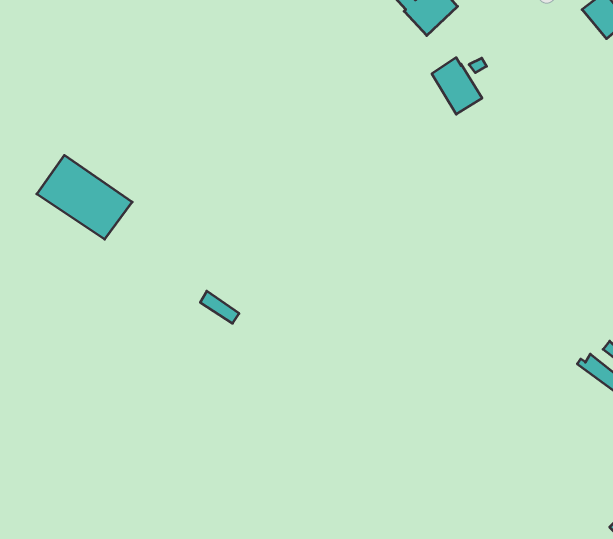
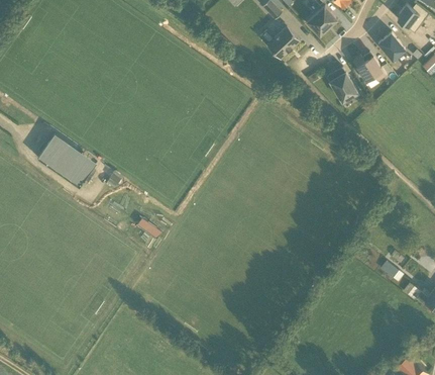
building: none -> [352,52,387,88]
building: [432,58,482,114] -> [327,66,358,101]

